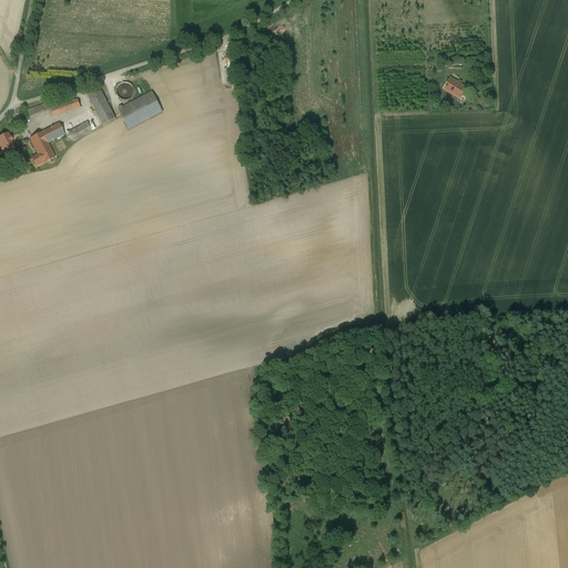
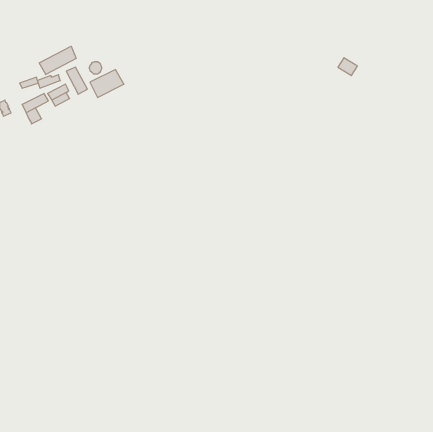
building: none -> [39,46,76,75]

